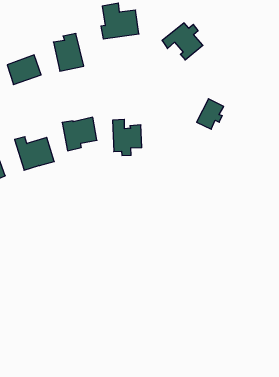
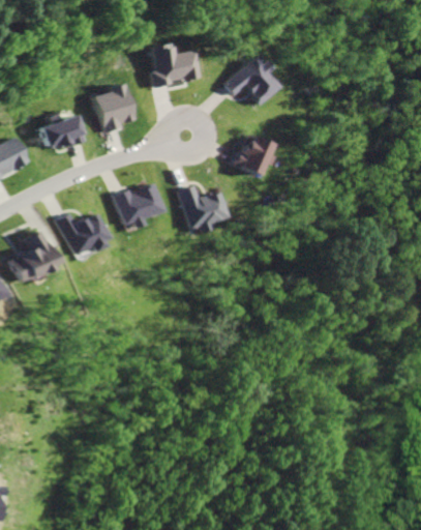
building: [197,99,224,129] -> [238,139,270,176]

